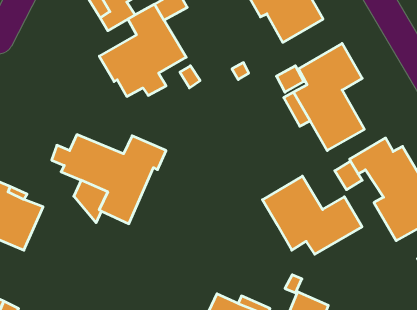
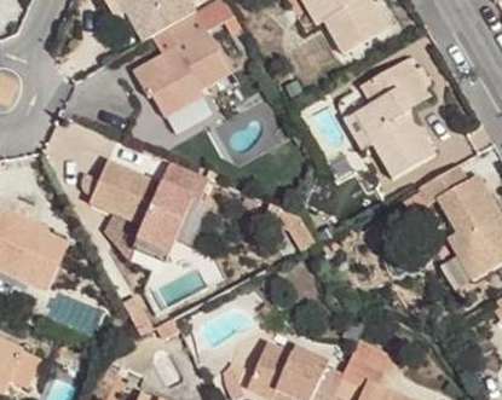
building: [262,176,362,254] -> none

